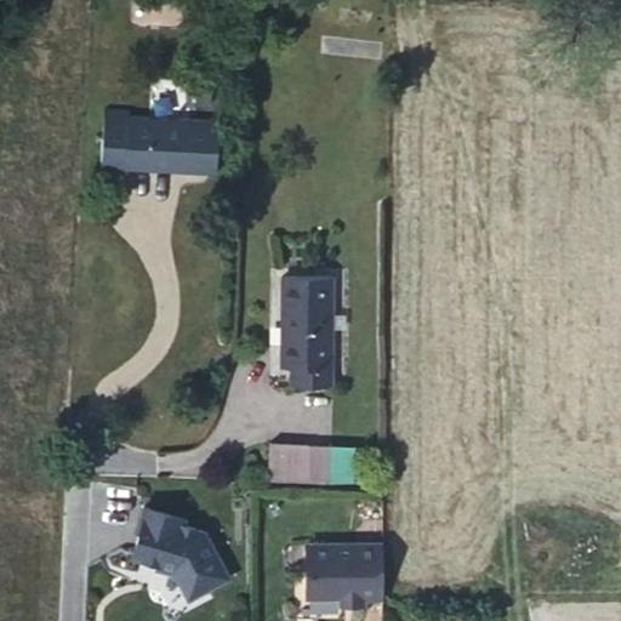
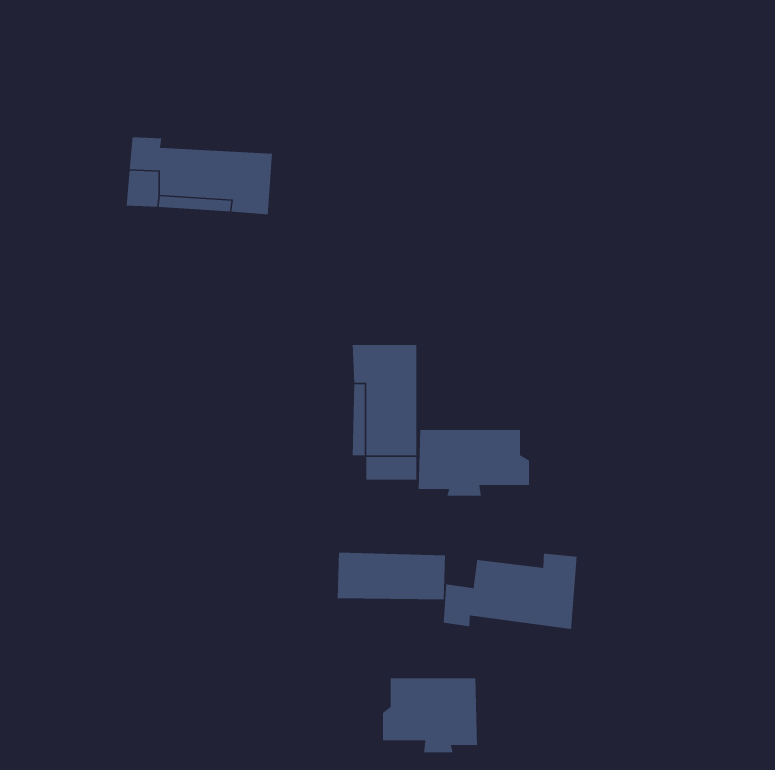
building: none -> [418,429,530,497]
building: none -> [443,553,577,630]
building: [130,503,224,597] -> none

